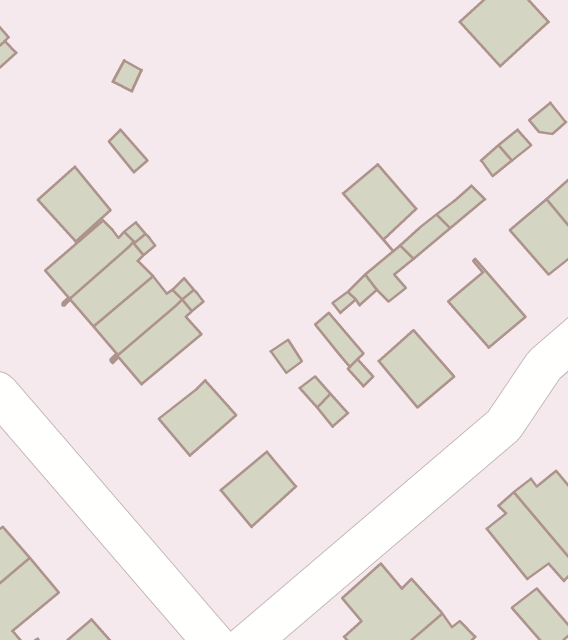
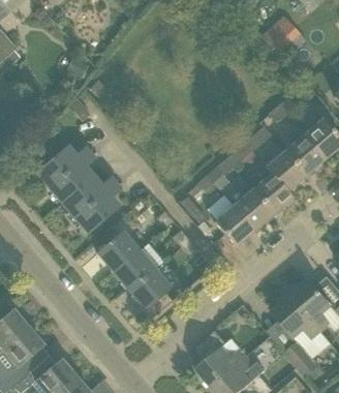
building: [343,164,416,251] -> [266,150,305,196]
building: [38,167,110,242] -> none
building: none -> [233,188,273,229]
building: none -> [113,249,154,290]

